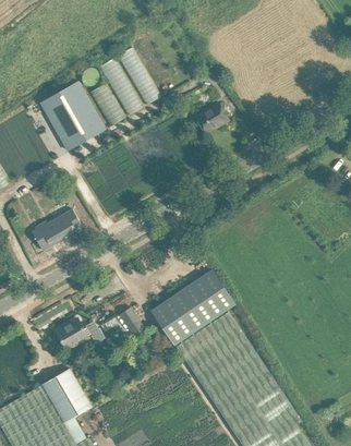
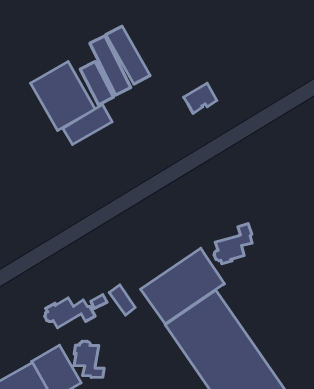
building: [32,209,82,250] -> [63,105,112,145]
building: none -> [214,224,252,264]
building: none -> [74,341,104,377]

